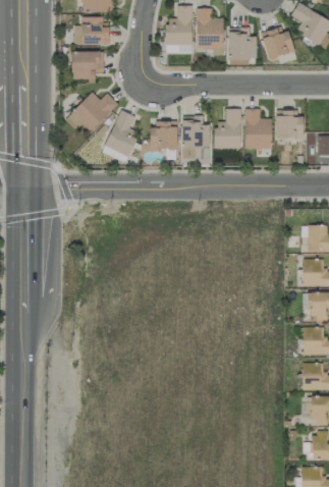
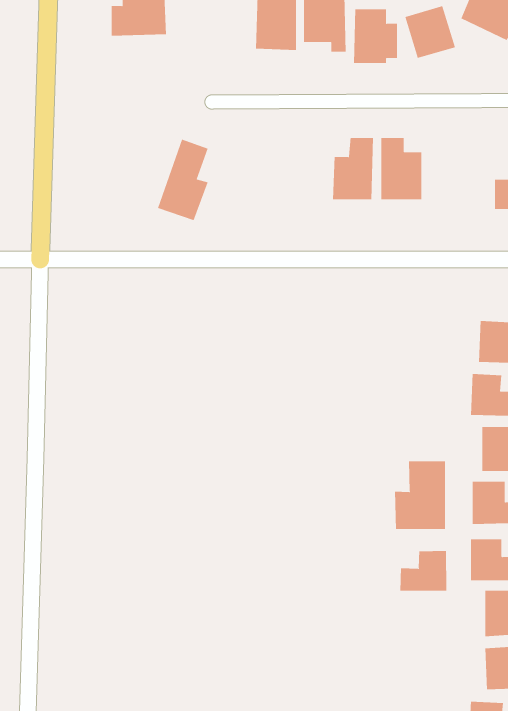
building: [71,51,104,80] -> none
building: [66,92,118,132] -> none
building: [276,112,305,139] -> none
building: [182,116,211,158] -> none
building: [152,121,178,150] -> none
building: none -> [394,461,446,530]
building: none -> [400,550,447,592]

